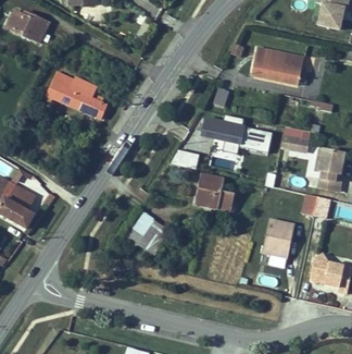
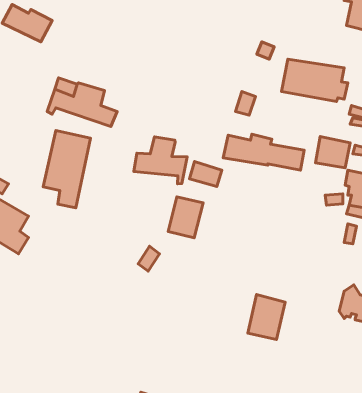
building: none -> [43,131,91,208]
building: none -> [134,137,187,184]
building: [191,183,222,219] -> [168,197,203,238]
building: [259,218,291,257] -> [248,295,285,339]

